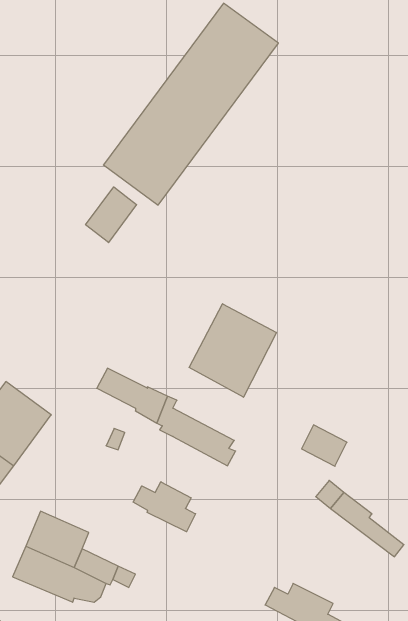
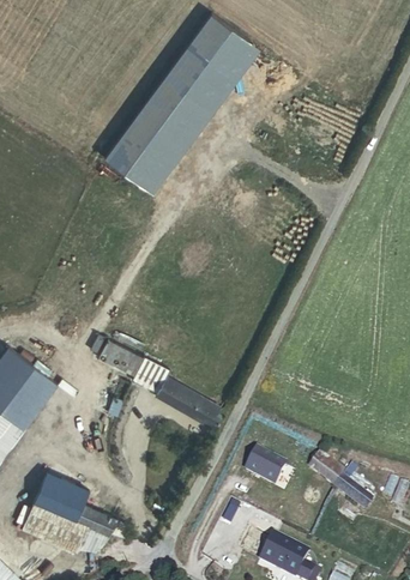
building: [86,187,137,243] -> none
building: [189,304,276,397] -> none
building: [302,425,347,466] -> [243,449,284,487]
building: [133,482,196,532] -> none

